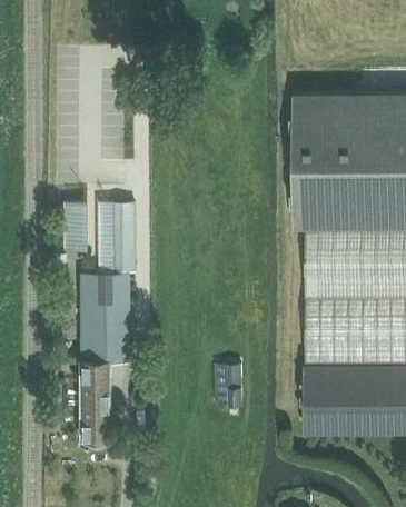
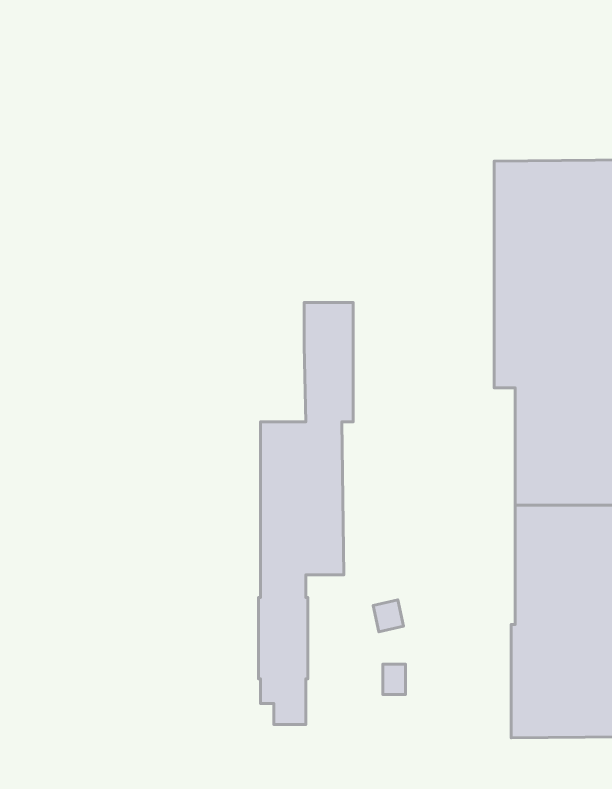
building: [79,207,135,455] -> [259,303,353,724]

